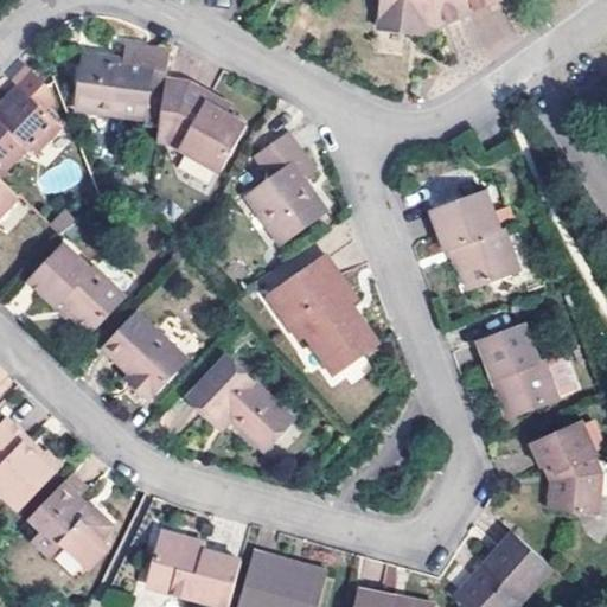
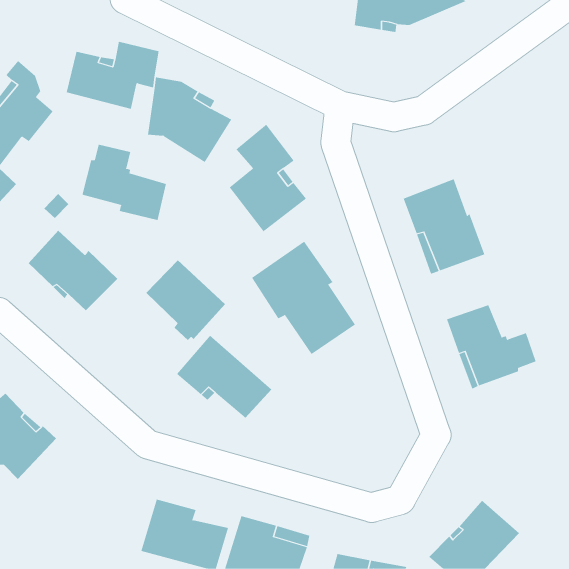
building: none -> [82,144,166,221]
building: [98,312,184,398] -> [145,259,226,341]
building: [526,417,599,511] -> none
building: [30,475,111,568] -> none

